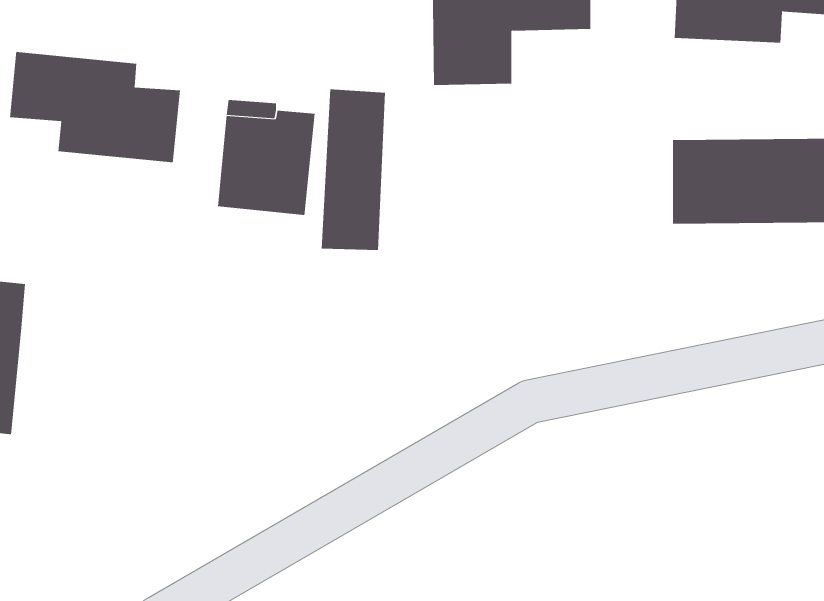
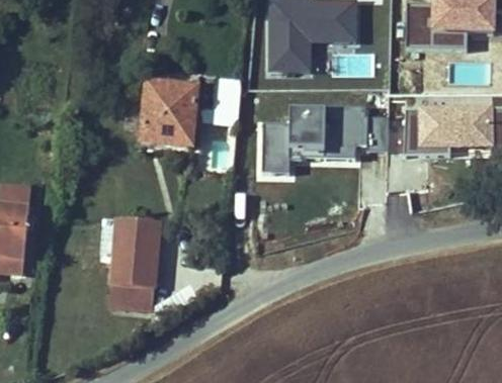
building: [10,51,181,163] -> none
building: none -> [259,104,388,171]
building: none -> [109,221,160,309]

